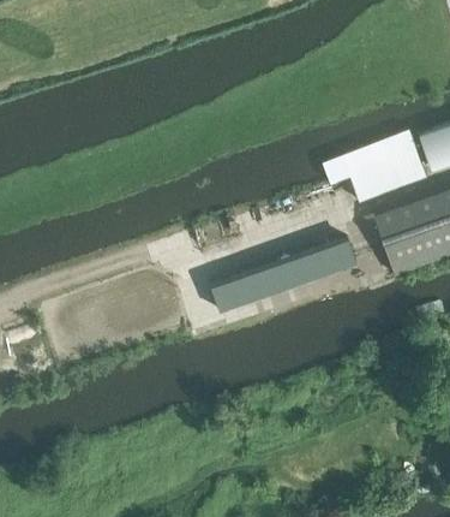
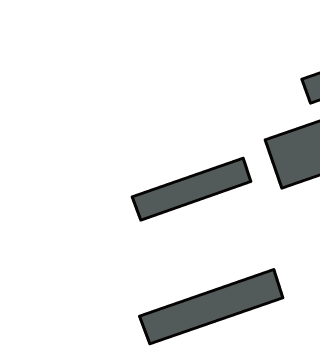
building: [323,130,426,201] -> none
building: none -> [140,269,283,344]

